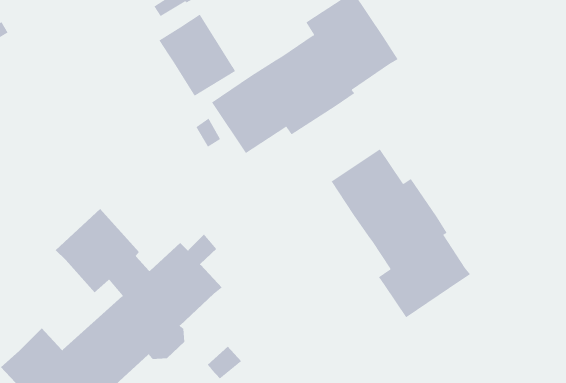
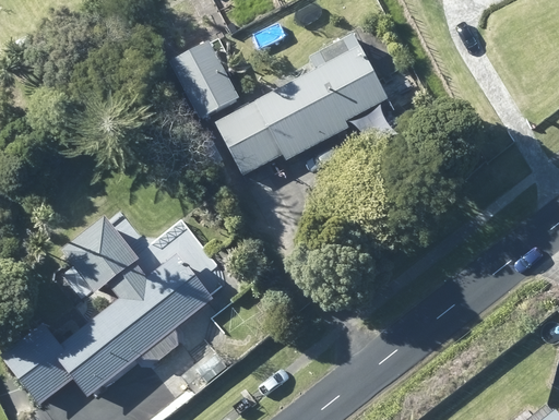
building: [331,149,471,318] -> none

